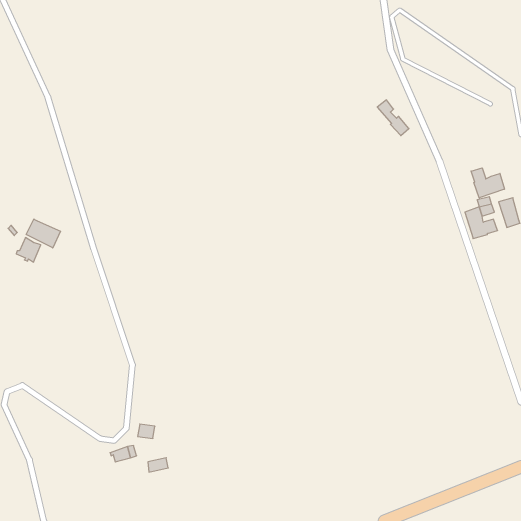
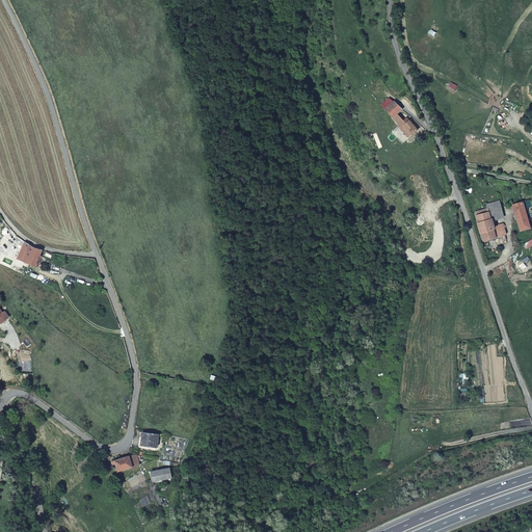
building: [471,168,504,198] -> none
building: [26,219,61,248] -> none

